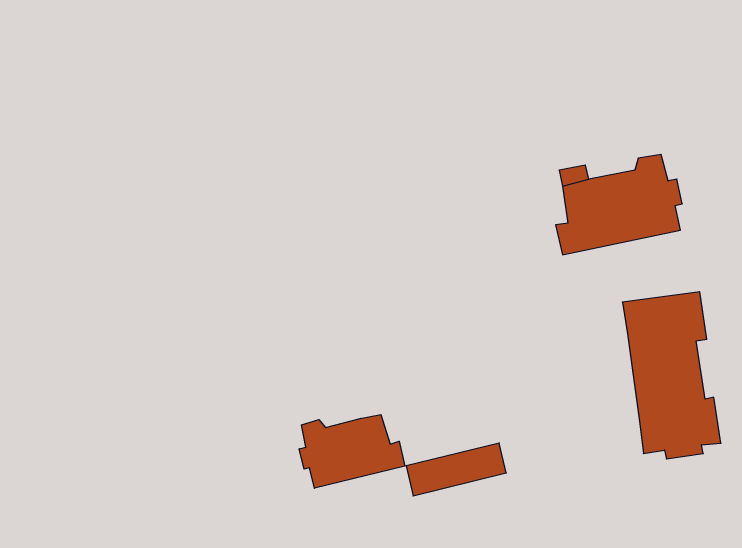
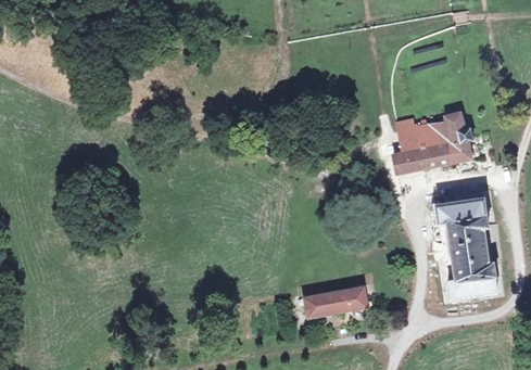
building: [299,415,405,488] -> none

